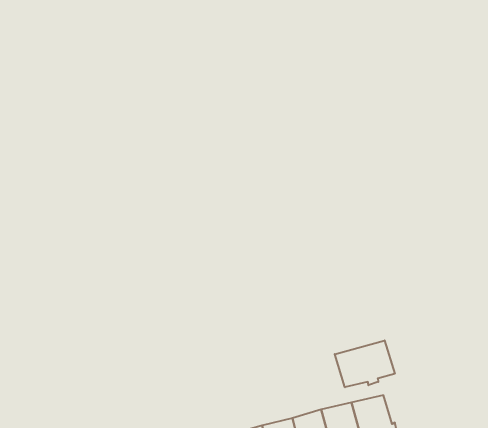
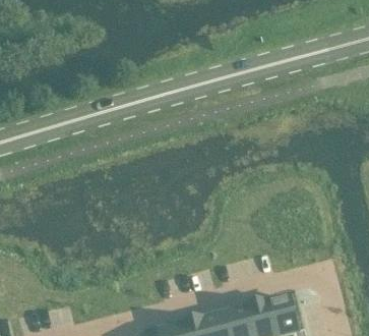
building: [335,340,395,387] -> none

